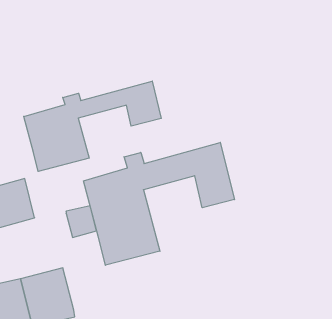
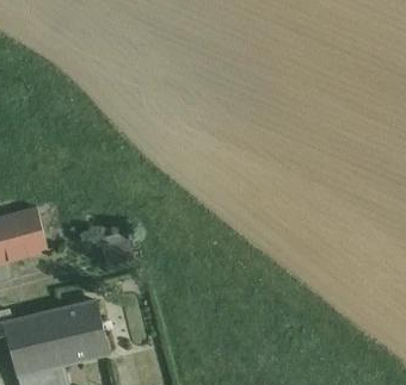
building: [24,81,161,171] -> none
building: [83,142,234,265] -> none

